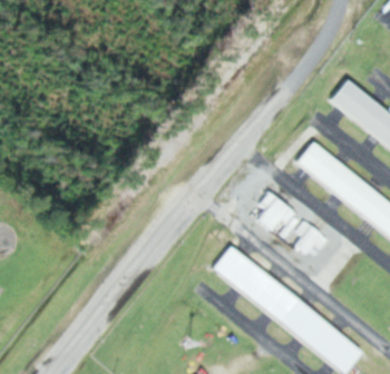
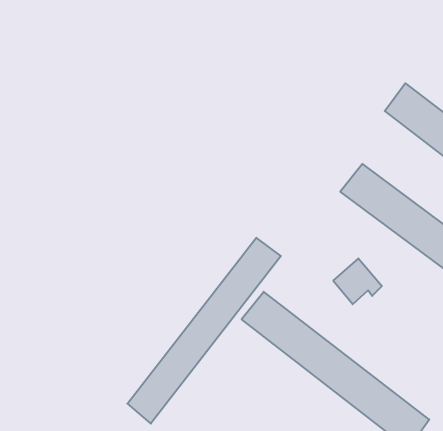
building: [260,190,302,239] -> none
building: none -> [127,238,281,424]

